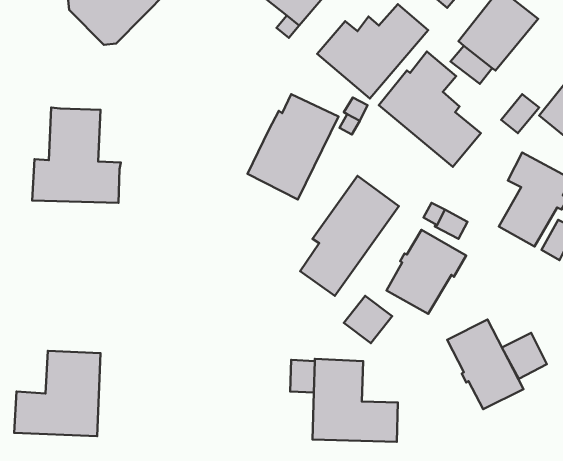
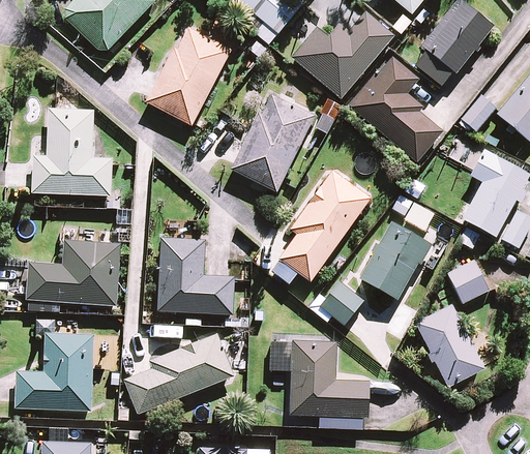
building: none -> [146,28,231,124]
building: none -> [157,237,235,314]
building: none -> [26,239,121,305]
building: [502,333,547,379] -> [447,260,489,302]
building: none -> [122,332,234,414]

